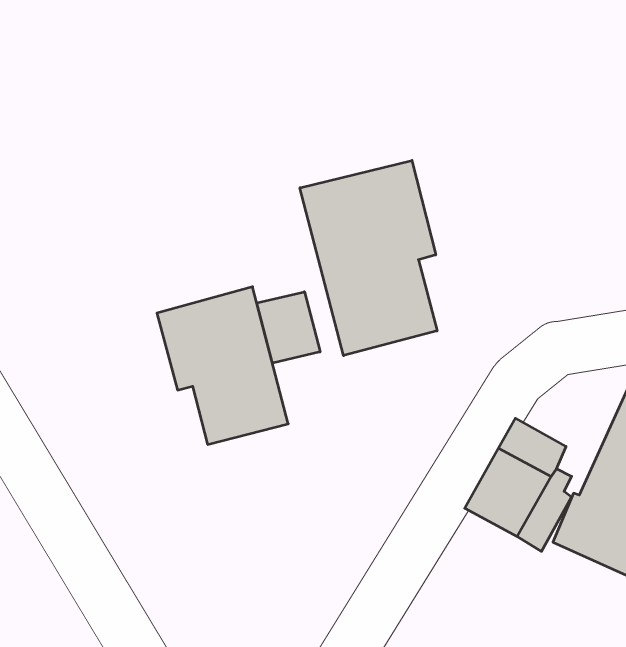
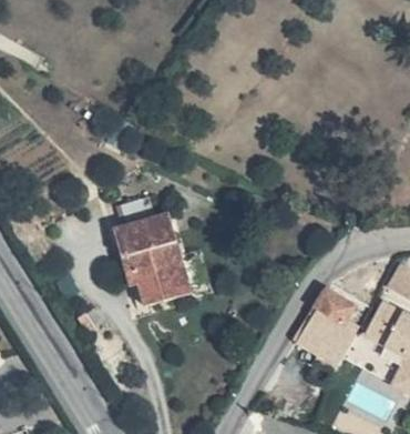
building: [300,160,437,356] -> none
building: [257,292,320,363] -> none

